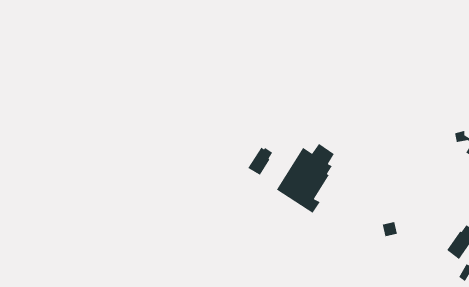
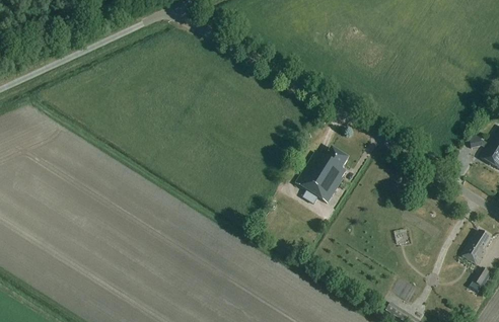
building: [247,147,273,176] -> none

